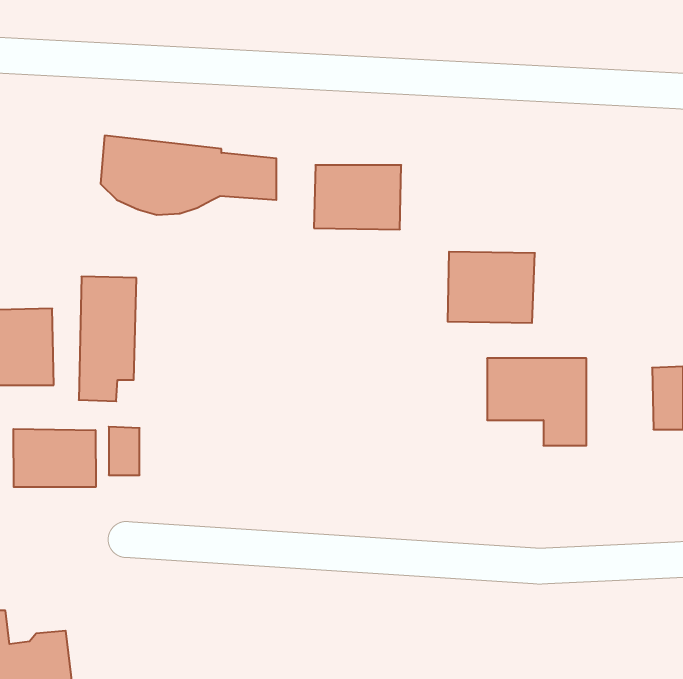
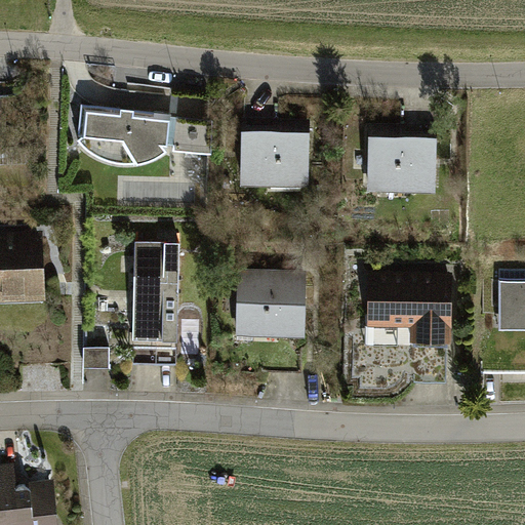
building: [448,252,535,323] -> [368,136,435,191]
building: [79,277,136,401] -> [133,248,177,344]
building: none -> [237,276,304,335]
building: [13,429,96,487] -> none

